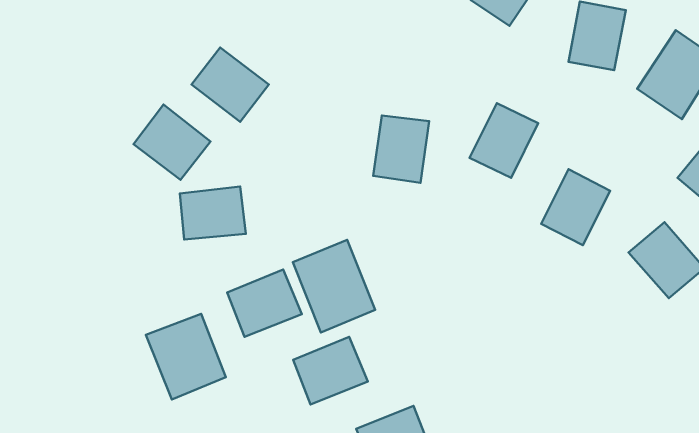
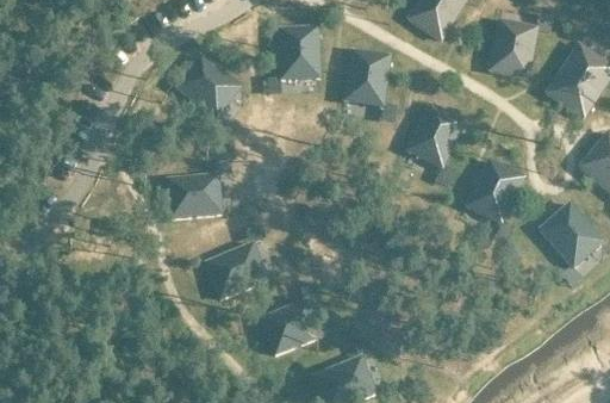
building: none -> [279,26,320,79]
building: [133,105,211,180] -> none
building: [373,115,429,183] -> [346,49,392,105]
building: [293,240,375,332] -> none
building: [146,314,226,399] -> none

